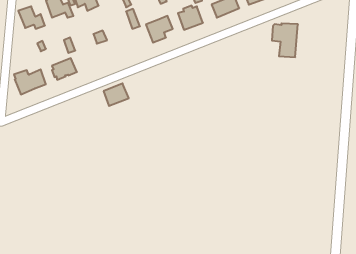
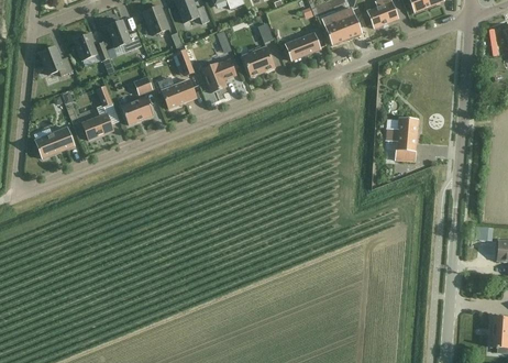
building: [272,23,298,57] -> [385,118,418,161]
building: none -> [161,79,196,108]
building: [104,83,129,106] -> [121,96,153,124]

